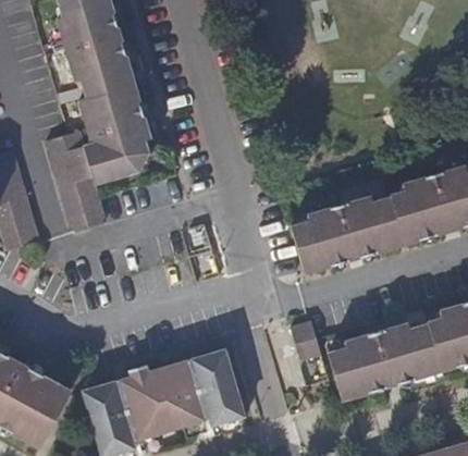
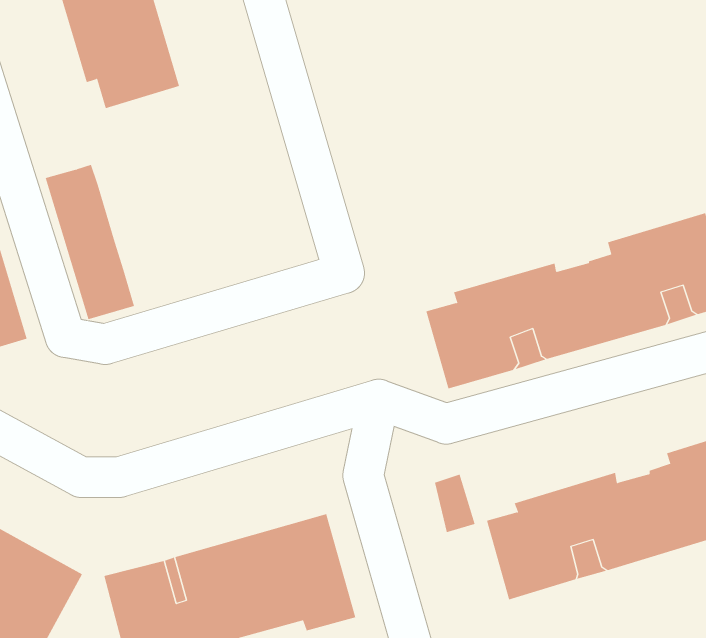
building: [78,82,150,180] -> none

